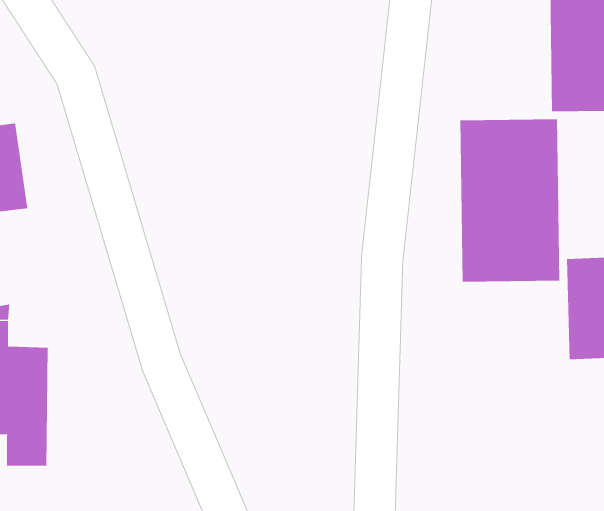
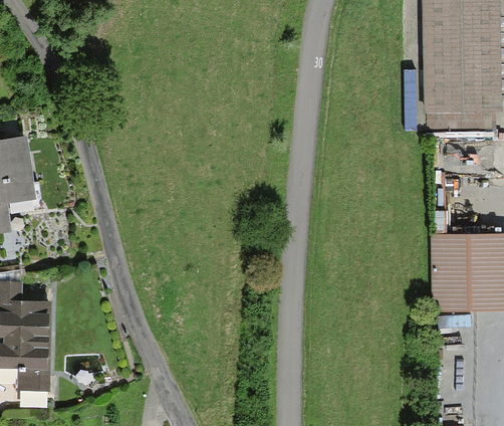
building: [460,118,560,283] -> none

